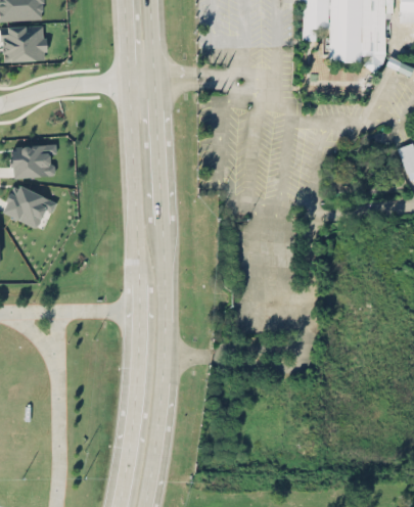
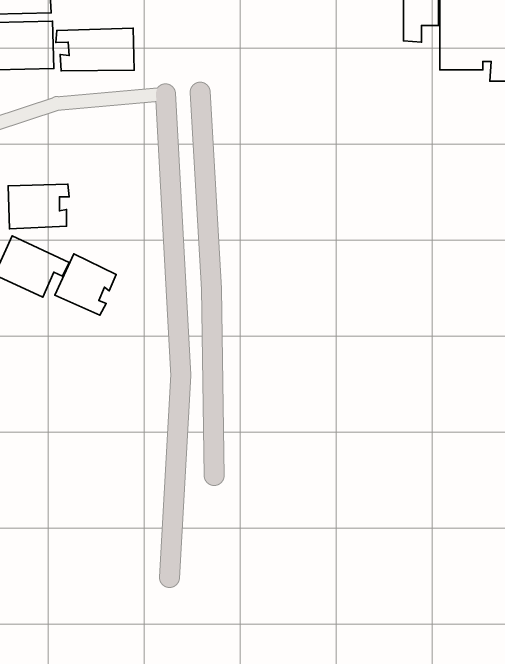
building: none -> [56,28,134,71]
building: none -> [55,254,116,315]

